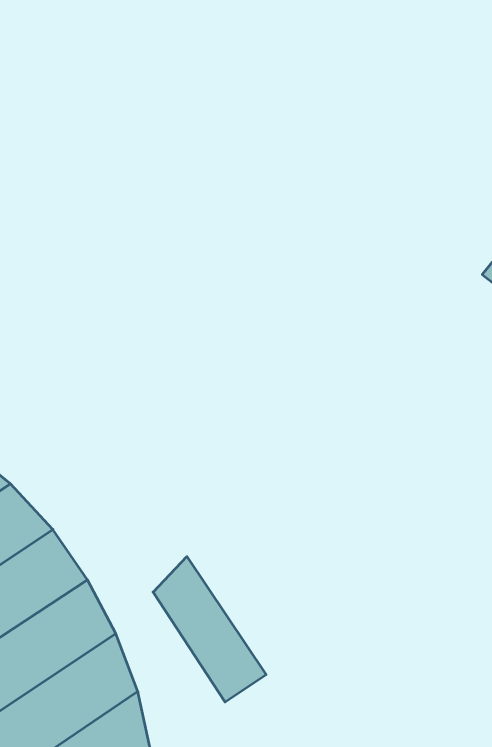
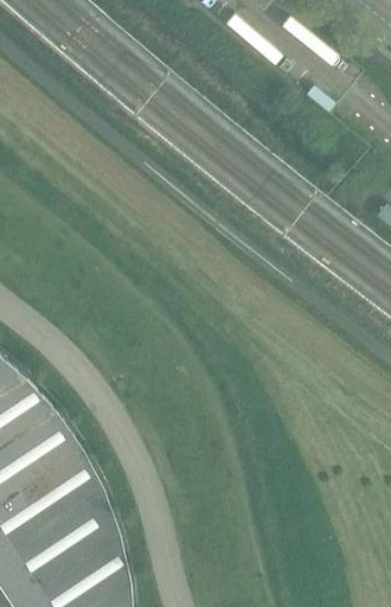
building: [153,557,266,702] -> none

